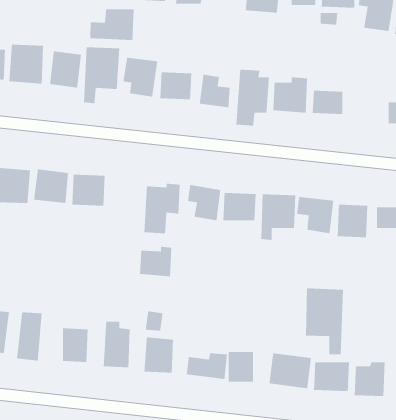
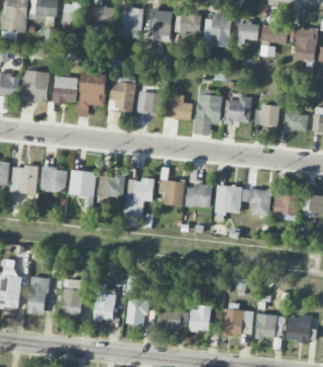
building: [90,9,135,41] -> none
building: none -> [284,108,308,131]
building: [139,246,172,277] -> [99,174,124,198]
building: [305,287,344,355] -> none

